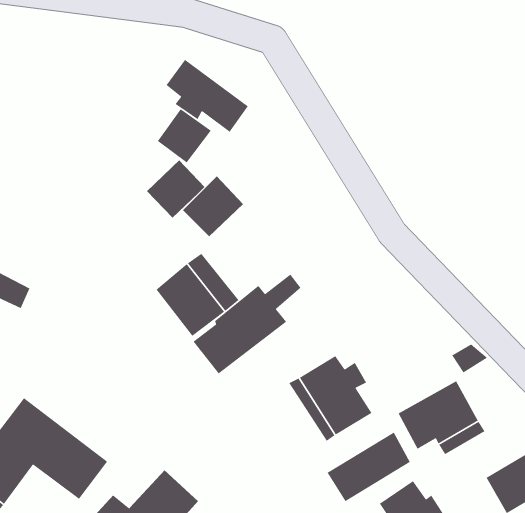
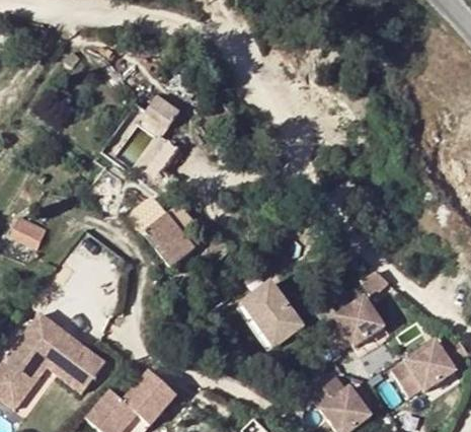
building: [166,59,249,133] -> none
building: [182,176,244,237] -> none
building: [193,274,301,374] -> none
building: [326,431,411,502] -> none

